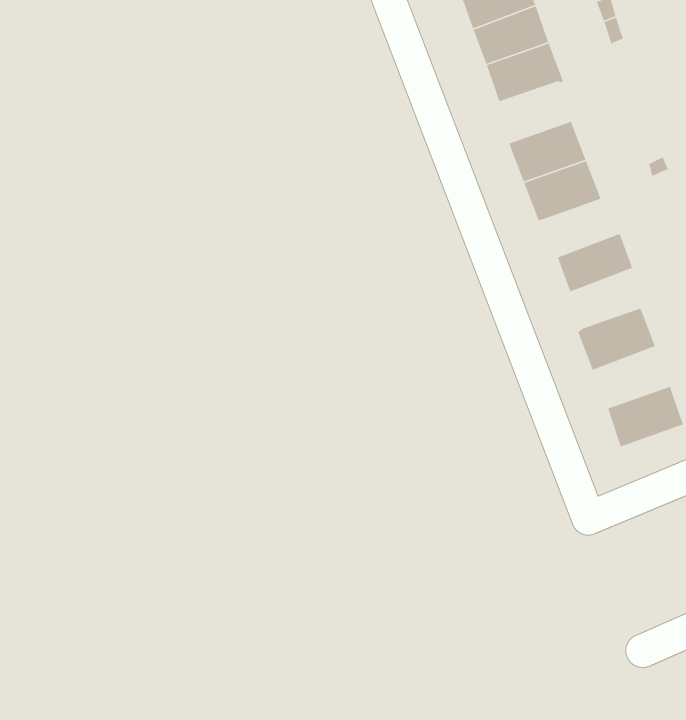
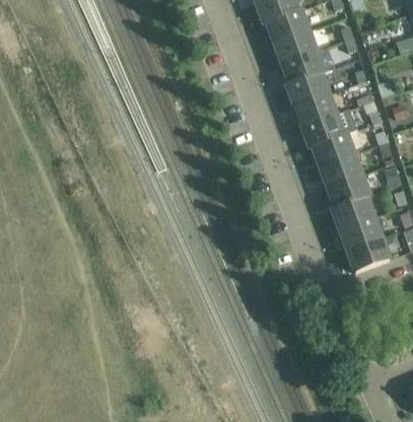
building: none -> [286,71,329,104]
building: none -> [314,131,355,166]
building: none -> [328,172,370,205]
building: none -> [340,215,383,249]

